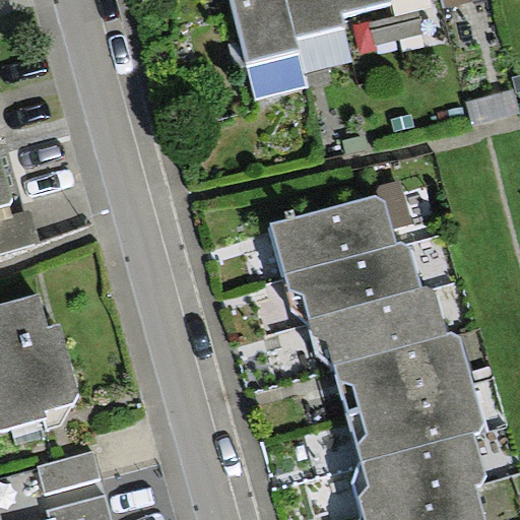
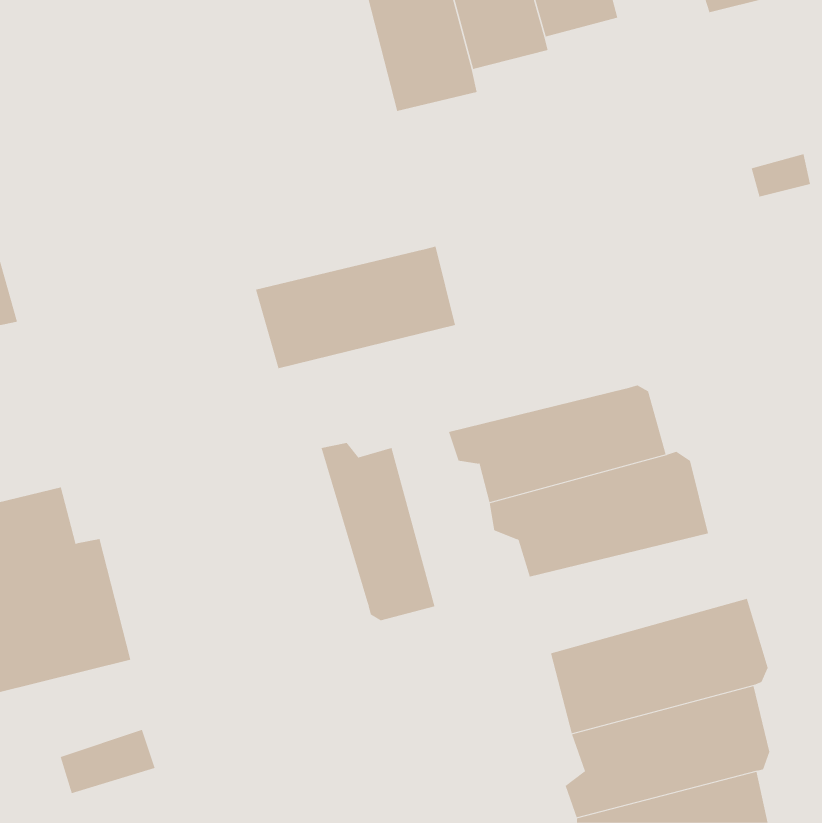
building: [267,194,393,271] -> [255,246,456,369]
building: none -> [321,442,435,621]
building: [332,333,469,410] -> none

